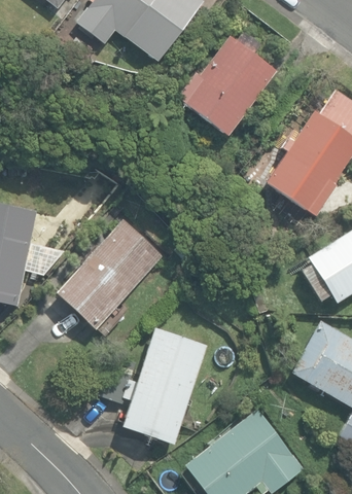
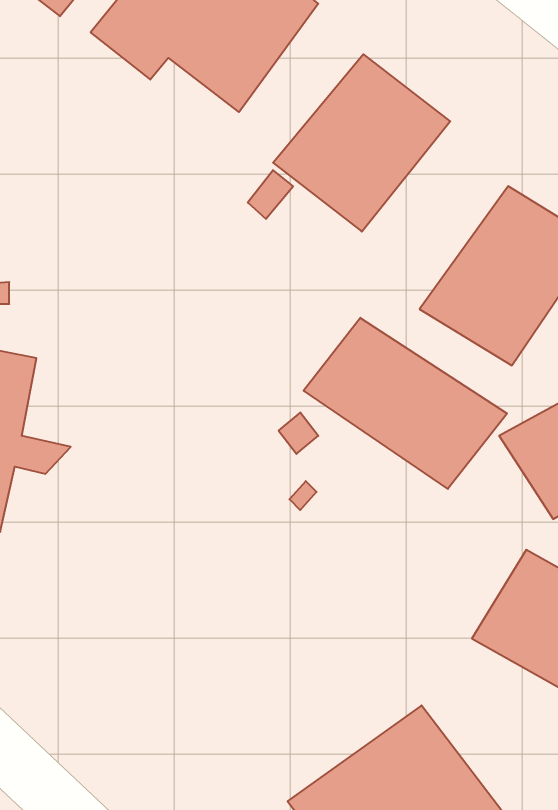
building: none -> [304,318,507,489]
building: [57,219,165,328] -> none
building: [99,327,210,445] -> none

